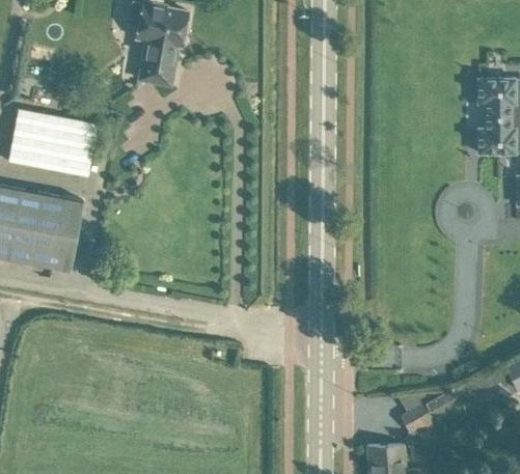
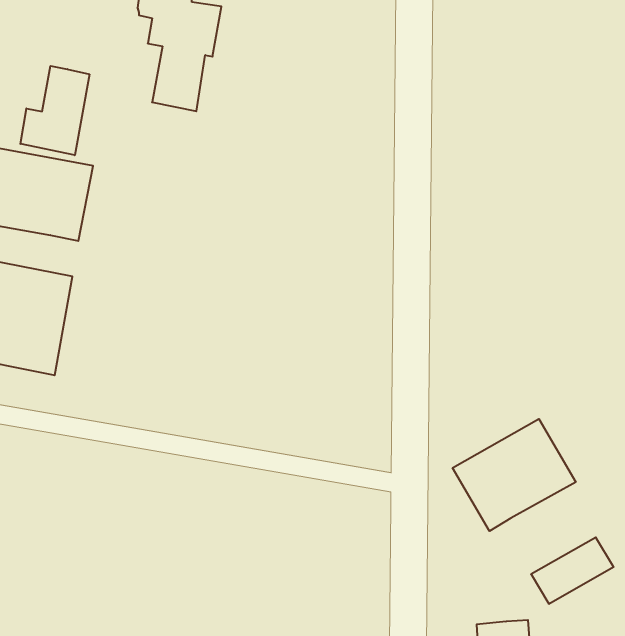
building: none -> [20,66,89,155]
building: none -> [453,419,576,531]

